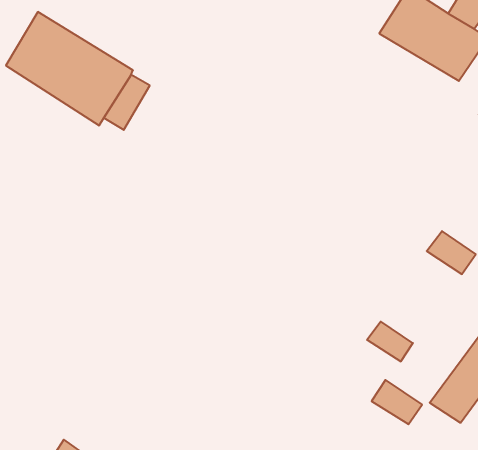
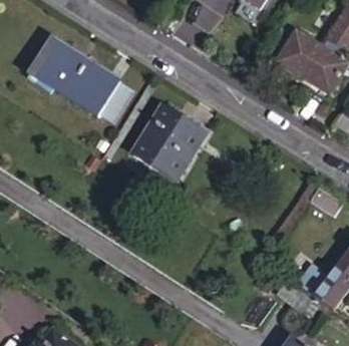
building: none -> [133,108,200,178]

